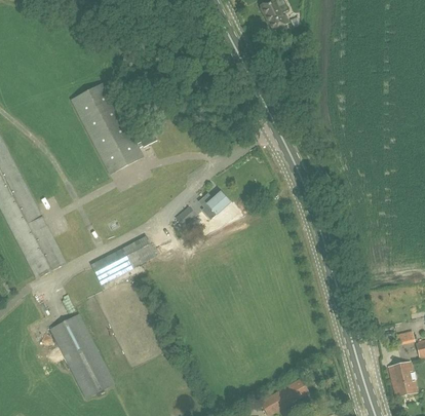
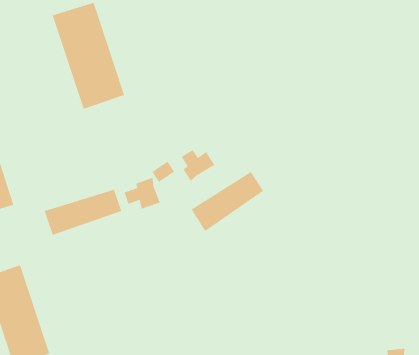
building: none -> [191,171,264,232]
building: none -> [124,177,161,209]

